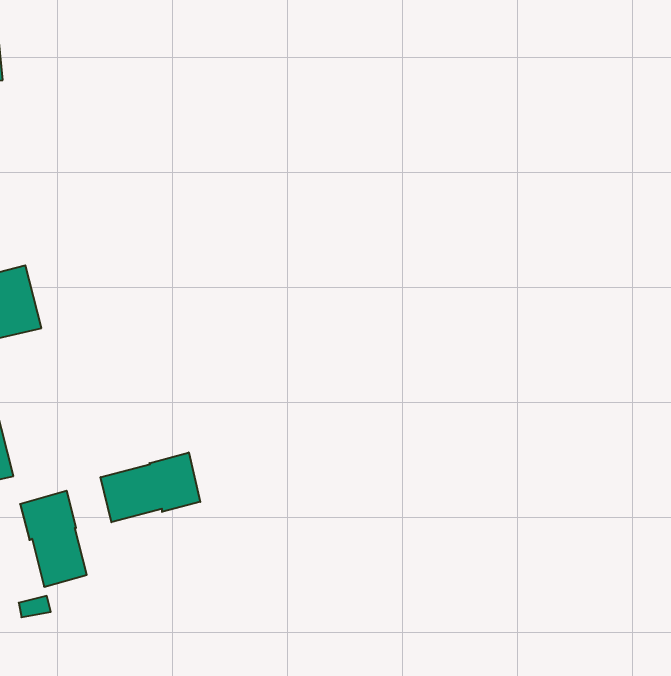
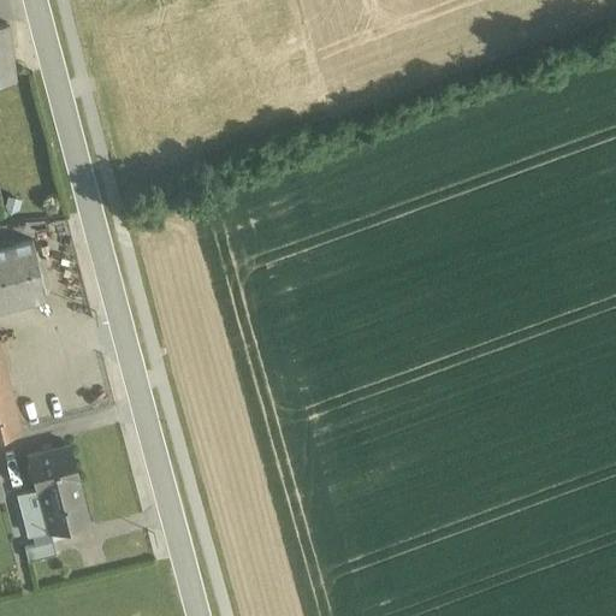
building: [101,452,200,522] -> none

